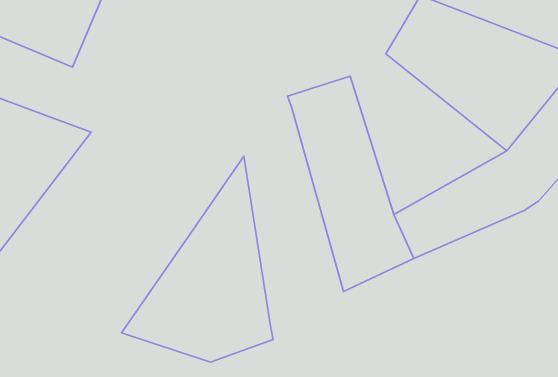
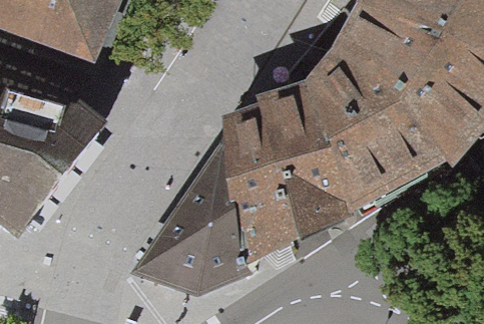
building: none -> [305,59,423,181]
building: none -> [222,99,300,265]

